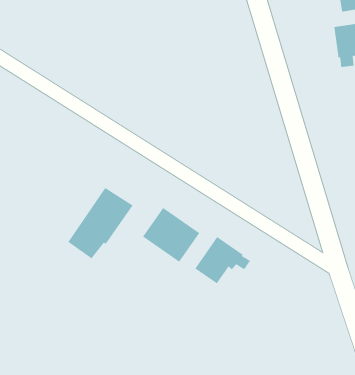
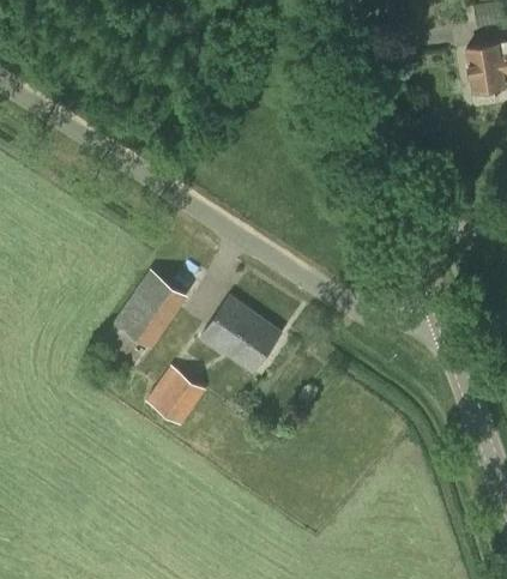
building: [194,236,251,284] -> none
building: none -> [145,364,206,424]

